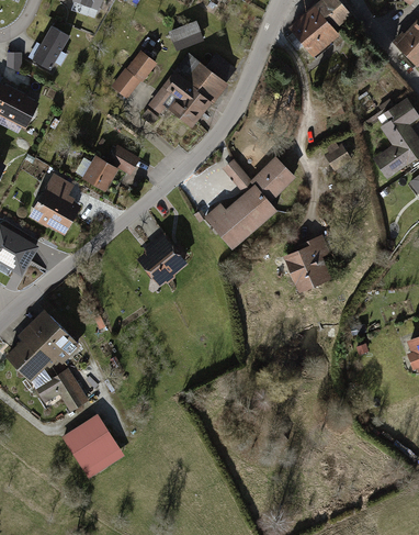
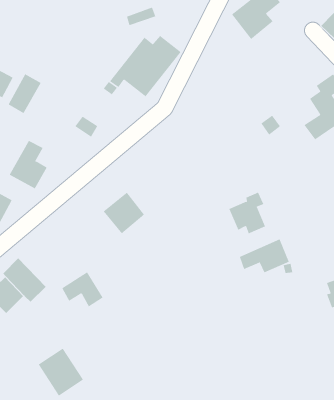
building: [30,25,69,73] -> [8,73,42,114]
building: [110,54,152,99] -> none
building: [204,151,296,245] -> none
building: [82,156,118,192] -> none
building: none -> [239,239,289,273]
building: [37,369,87,411] -> [61,271,104,307]

